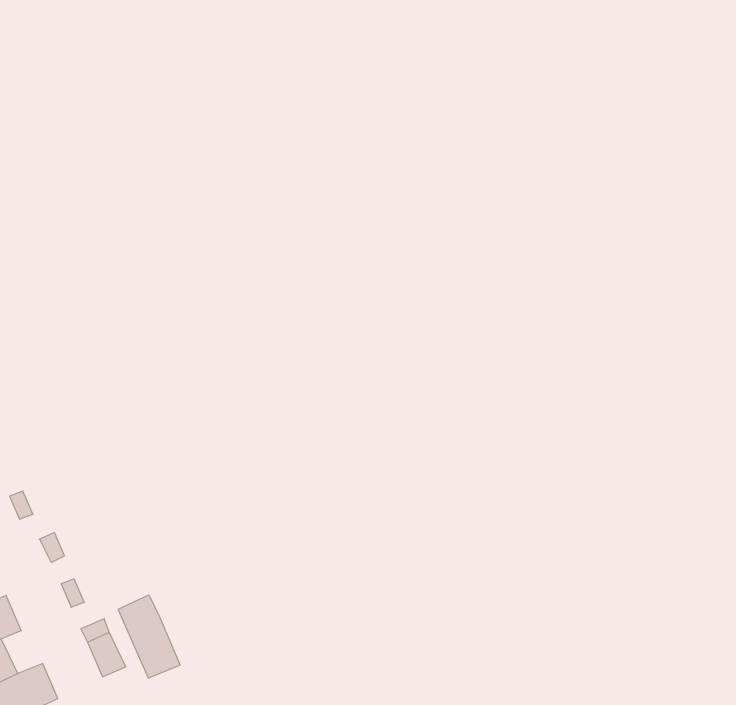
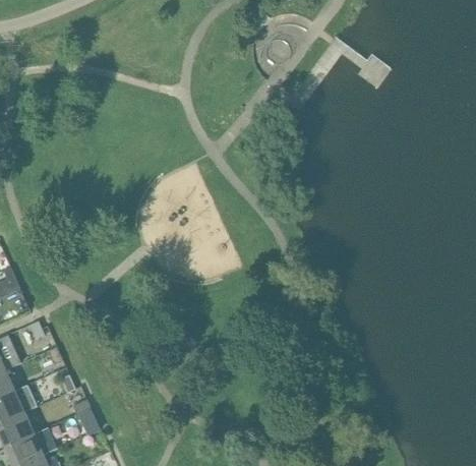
building: [118,595,180,678] -> none

